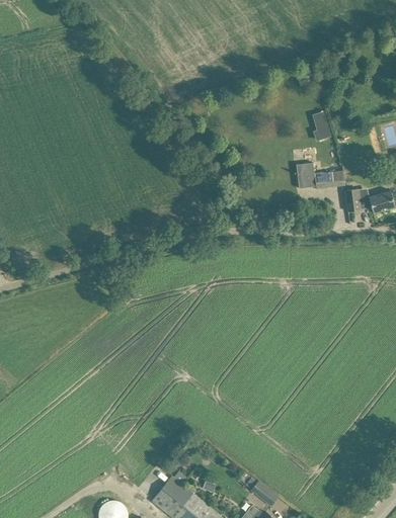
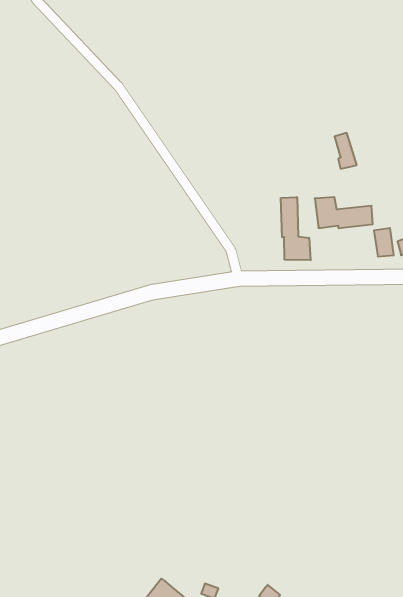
building: none -> [281,197,311,260]

